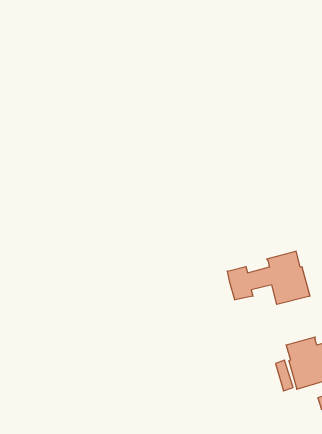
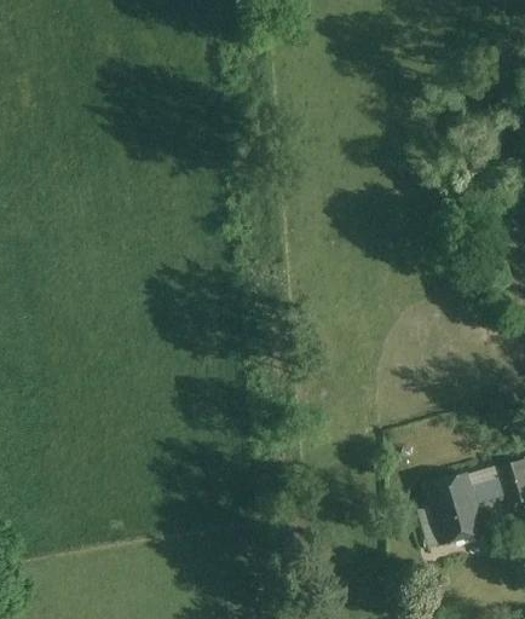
building: [227,251,310,304] -> none

